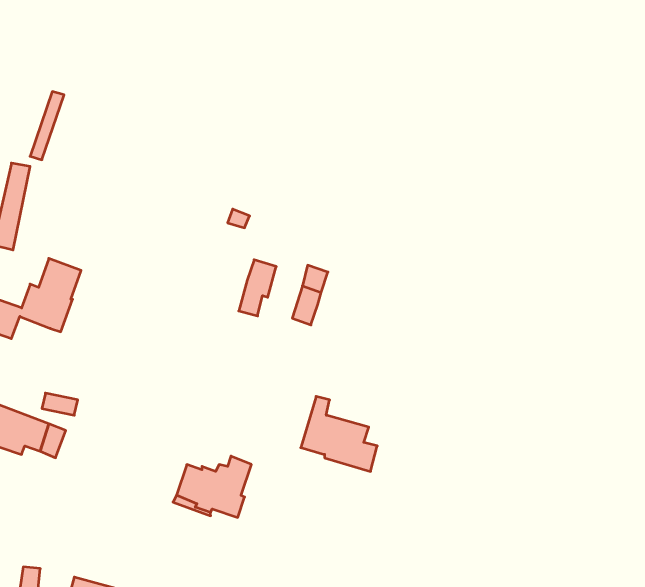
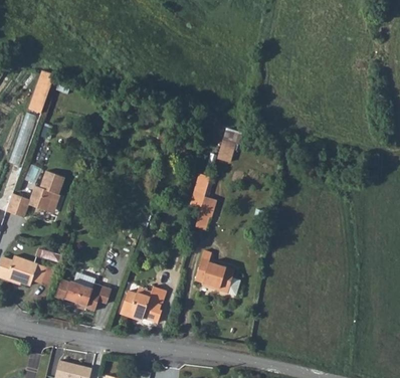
building: none -> [219,127,241,161]
building: [239,260,276,316] -> [195,196,217,229]
building: none -> [54,278,111,310]

